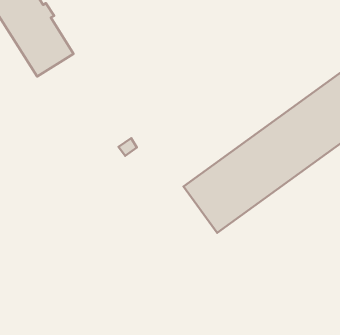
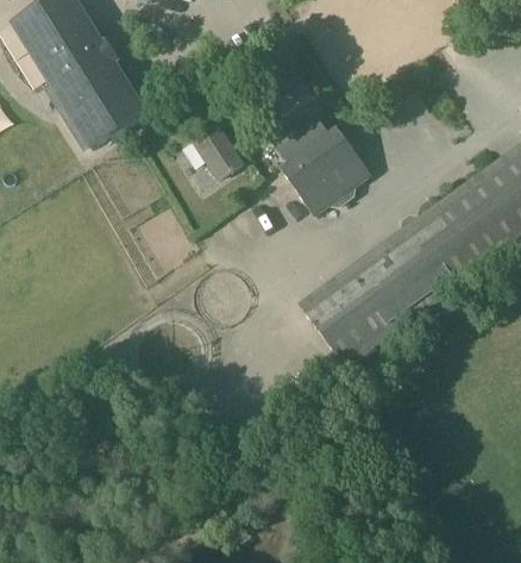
building: none -> [276,115,370,214]
building: none -> [194,124,243,179]

